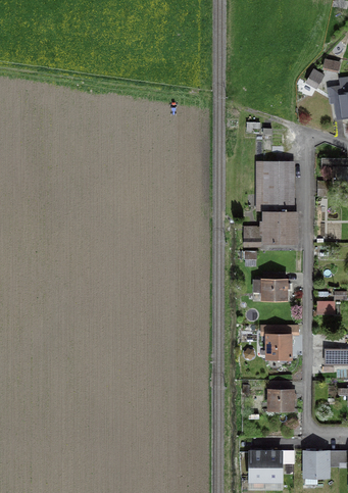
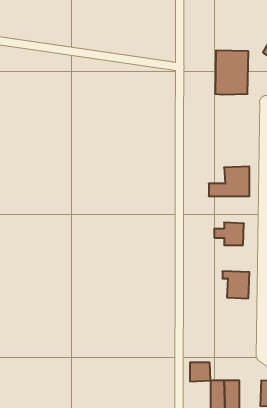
building: [255,160,293,210] -> [215,50,248,95]
building: [271,393,295,414] -> [190,363,211,381]

